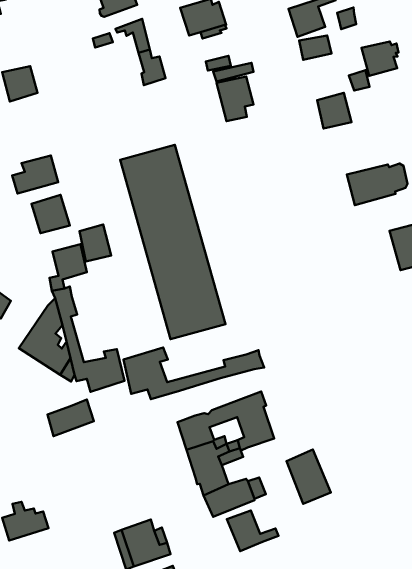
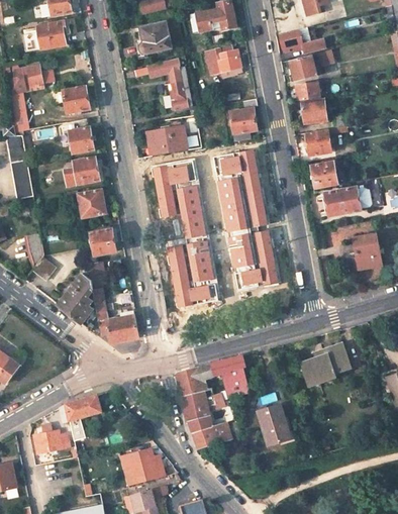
building: [362,41,398,76] -> [299,98,327,123]
building: none -> [146,125,187,155]
building: none -> [67,118,93,153]
building: none -> [212,149,278,291]
building: none -> [310,162,336,188]
building: [79,225,111,261] -> none
building: [123,348,264,399] -> none
building: none -> [301,343,350,384]
building: [48,399,94,436] -> [66,394,101,420]
building: [227,510,279,551] -> none

